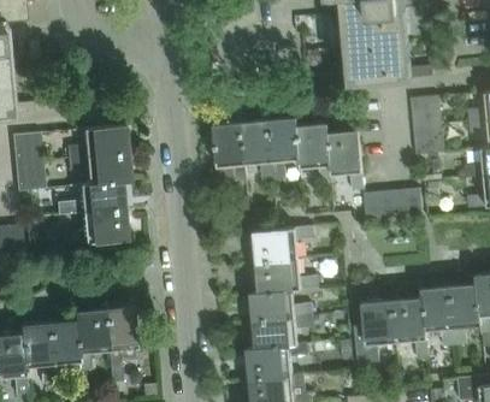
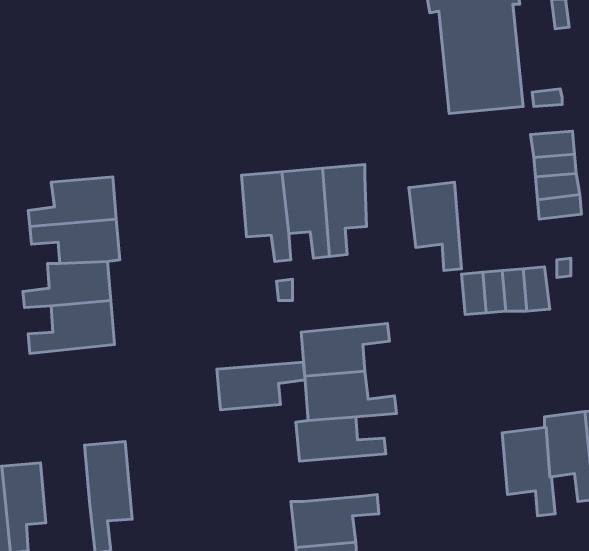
building: [297,123,332,183] -> none
building: [353,300,395,362] -> none
building: [75,308,110,371] -> none
building: [253,314,313,347] -> [217,362,305,410]

